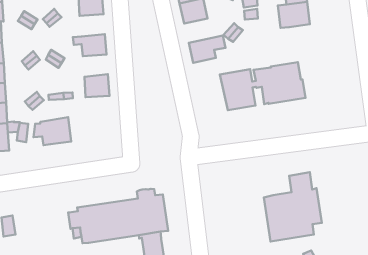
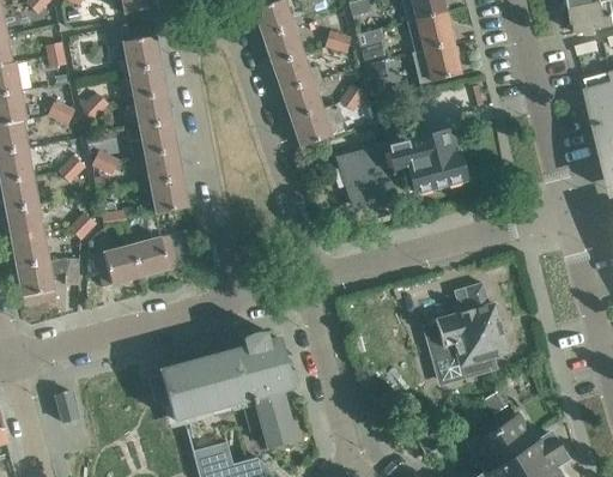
building: none -> [133,92,171,127]
building: none -> [281,81,323,119]
building: none -> [144,149,182,183]
building: none -> [133,230,193,277]

